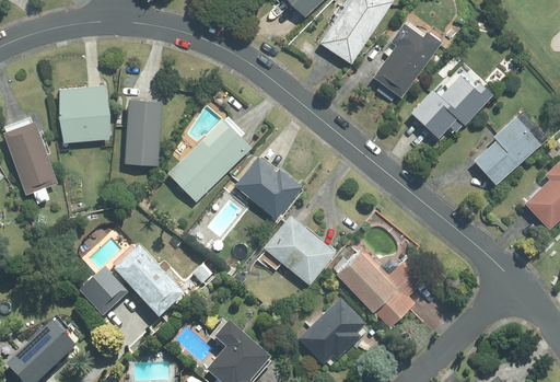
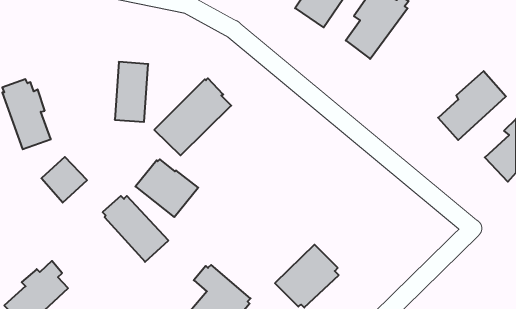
building: [411,67,492,138] -> none
building: [59,86,108,142] -> none
building: [234,157,302,219] -> [135,159,198,217]
building: [257,217,335,285] -> none
building: [336,250,422,327] -> none
building: [79,266,128,315] -> [41,157,87,203]

